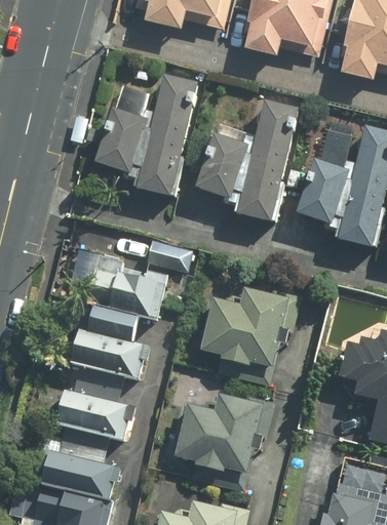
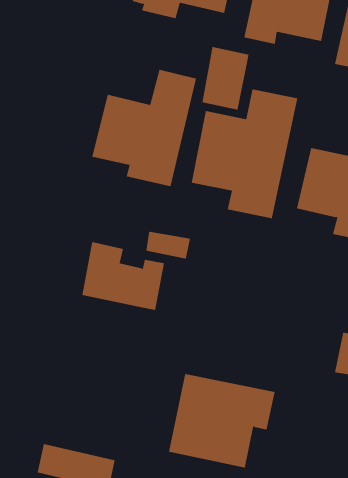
building: none -> [202,46,249,110]
building: [201,285,300,367] -> none
building: [70,312,146,379] -> none
building: [56,389,134,439] -> none

